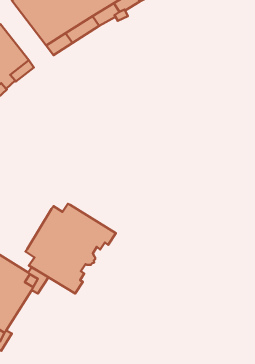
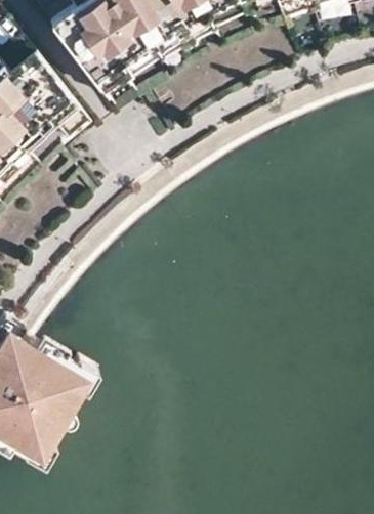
building: [26,204,116,294] -> none

